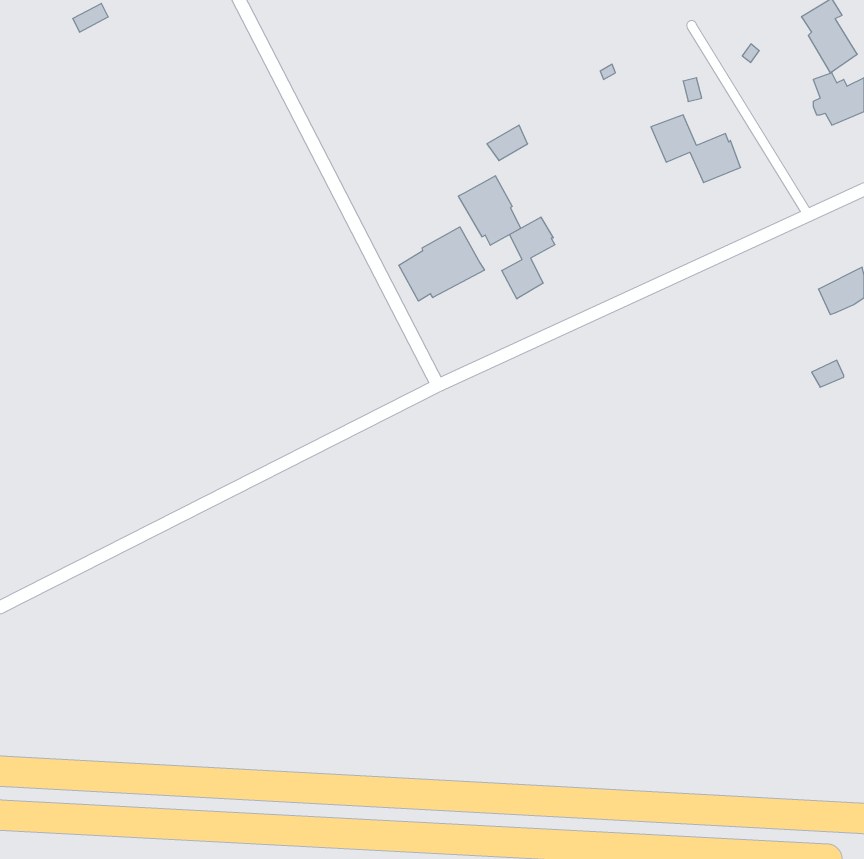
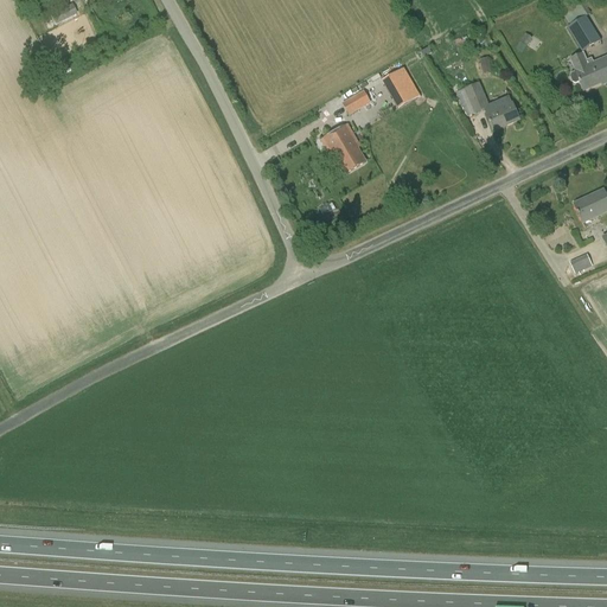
building: none -> [382,65,421,107]
building: [502,217,555,299] -> none
building: [399,227,484,301] -> none

